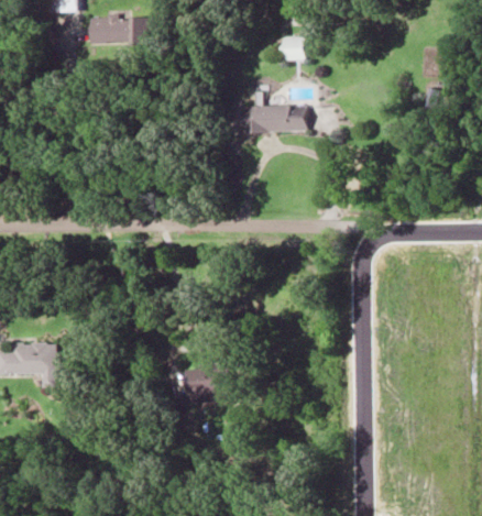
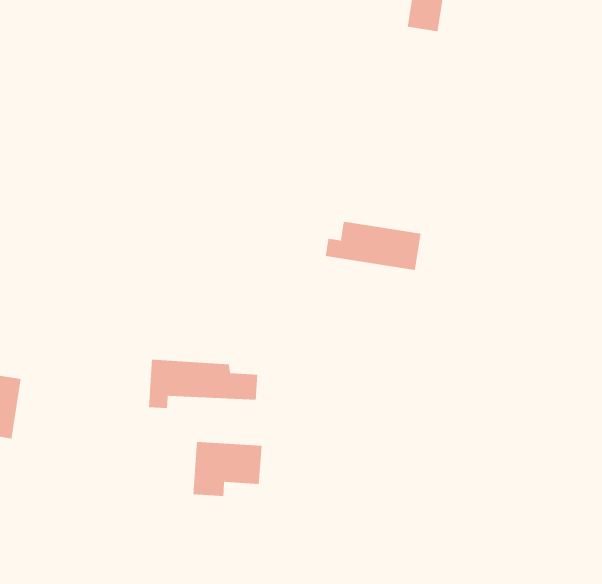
building: [243,106,307,132] -> [325,221,421,271]
building: none -> [148,359,258,409]

